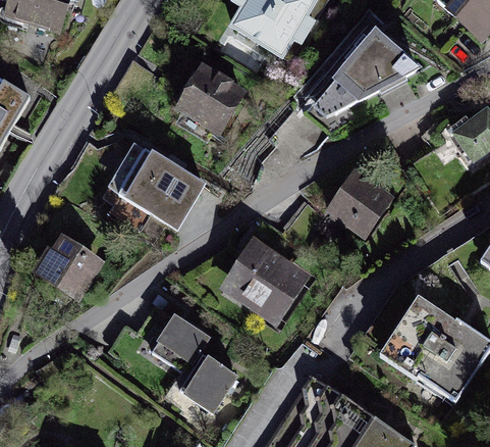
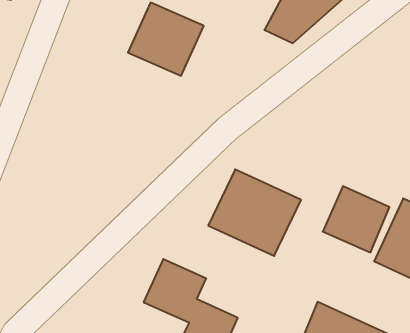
building: [115,147,205,230] -> none
building: [327,169,395,238] -> [323,186,389,252]
building: [40,234,108,295] -> none

